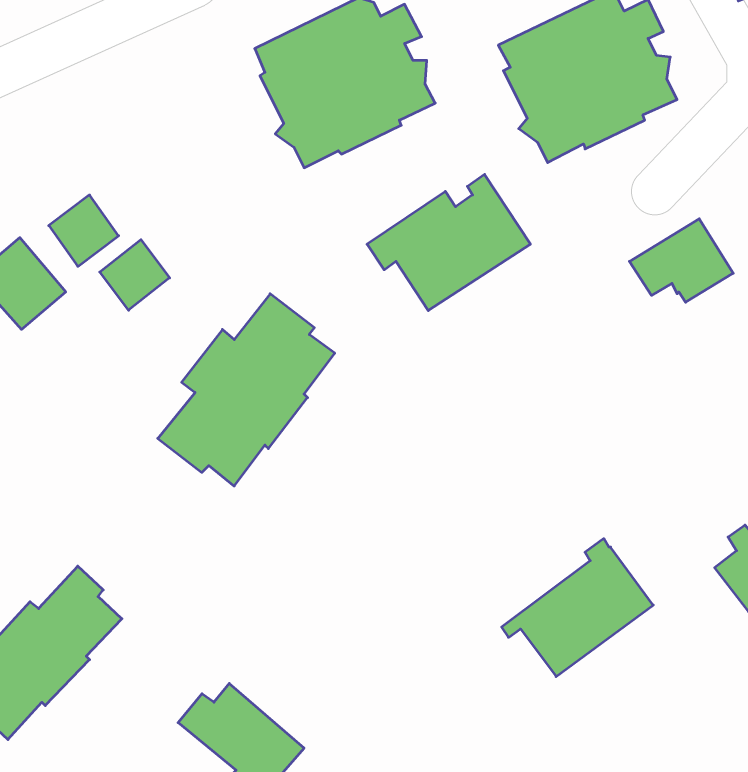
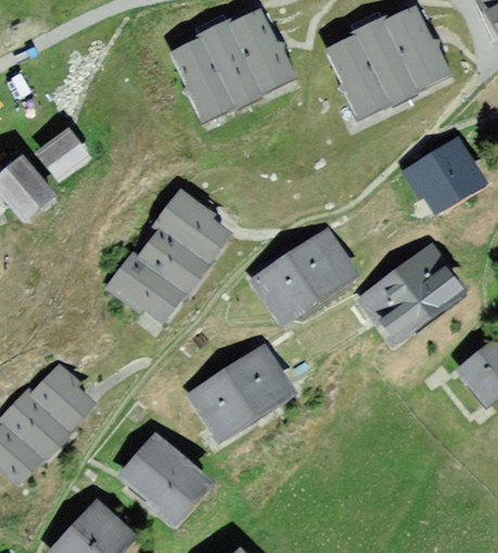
building: [367,174,530,311] -> [246,234,350,321]
building: [100,240,170,310] -> none
building: none -> [194,352,288,438]
building: [502,539,653,677] -> [361,252,458,340]

